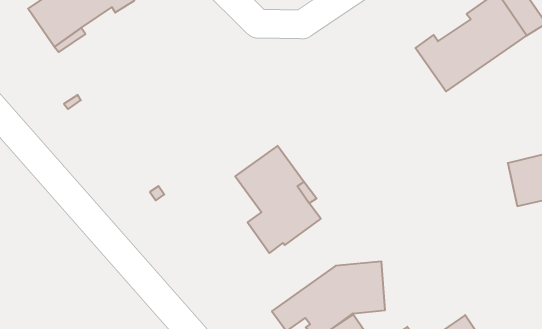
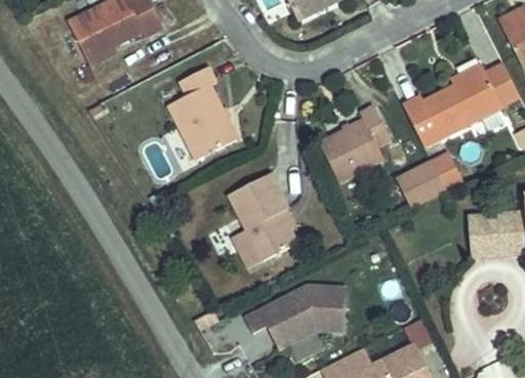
building: none -> [168,66,237,160]
building: none -> [318,104,390,180]
building: none -> [397,151,462,207]

